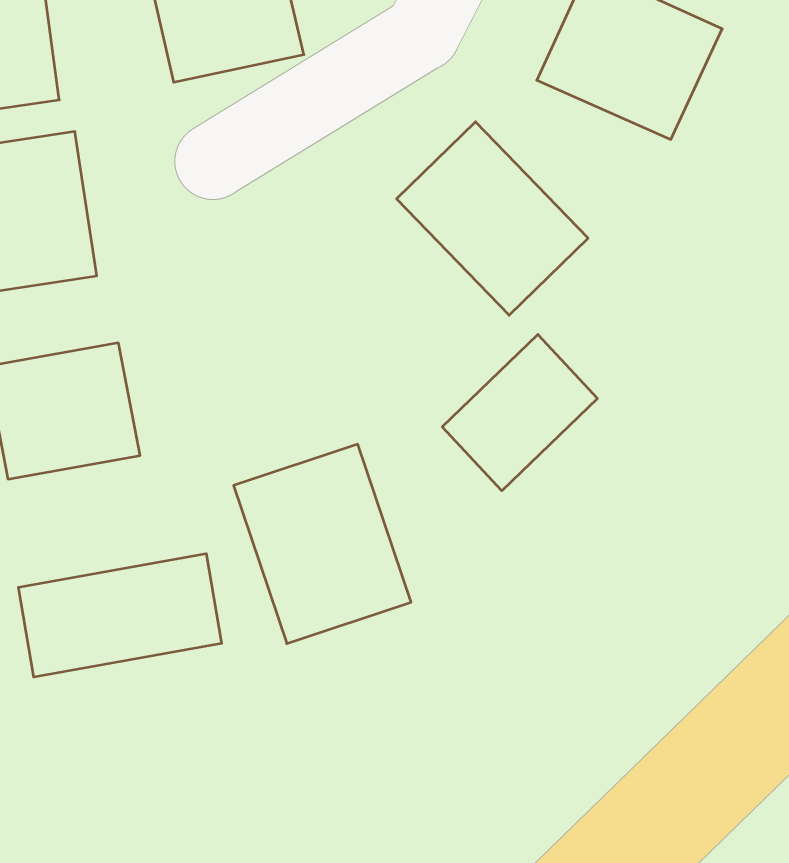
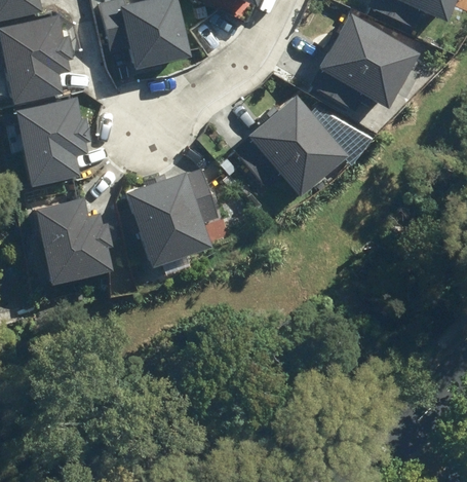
building: [442,334,597,491] -> none
building: [234,444,411,644] -> [132,165,225,269]
building: [18,554,222,677] -> none

